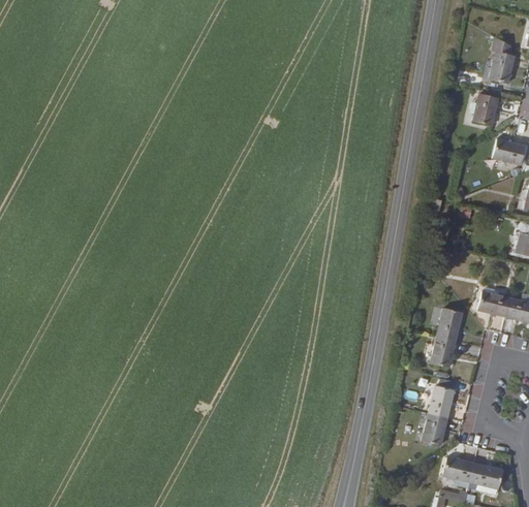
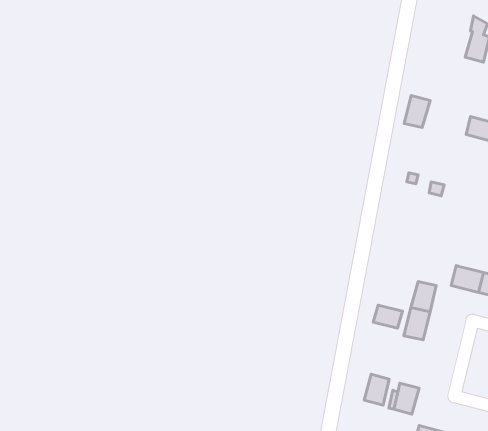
building: [475,92,502,125] -> [404,95,430,128]
building: none -> [373,305,402,328]
building: [426,385,452,417] -> [364,374,389,405]

